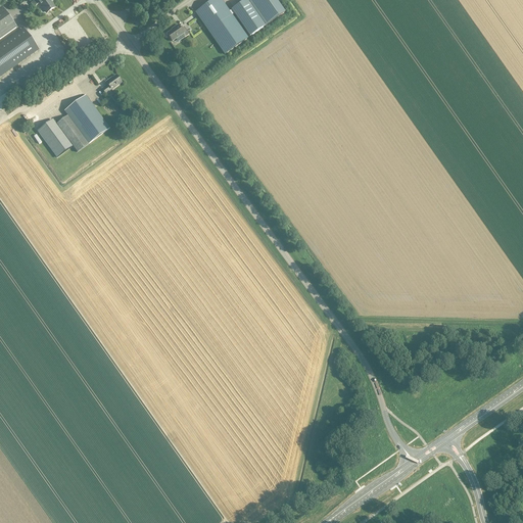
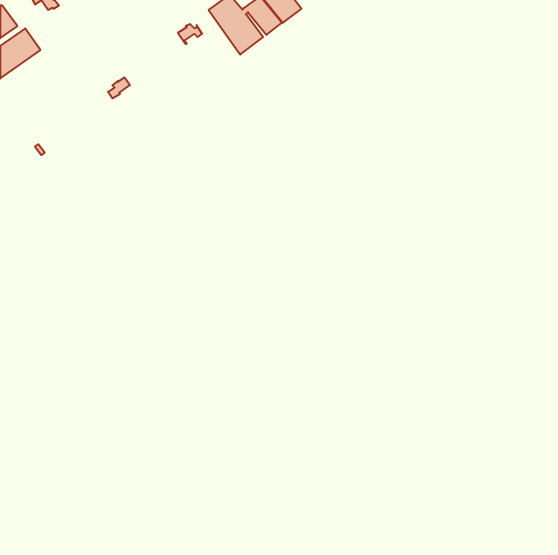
building: [38,94,108,155] -> none

